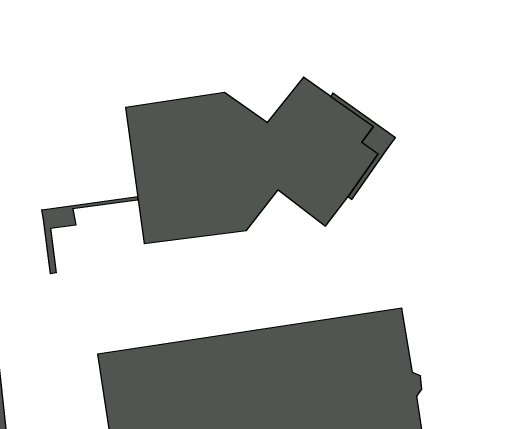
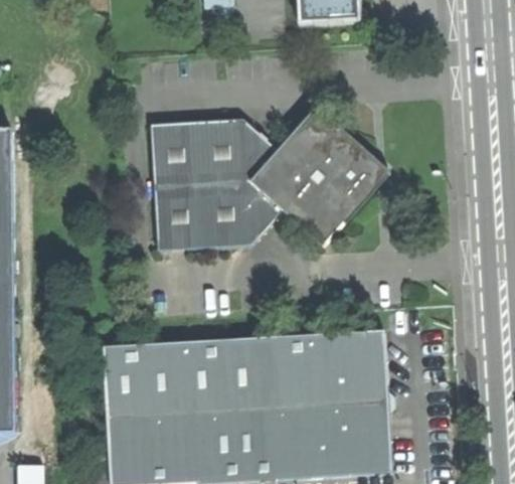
building: [42,197,138,274] -> none

